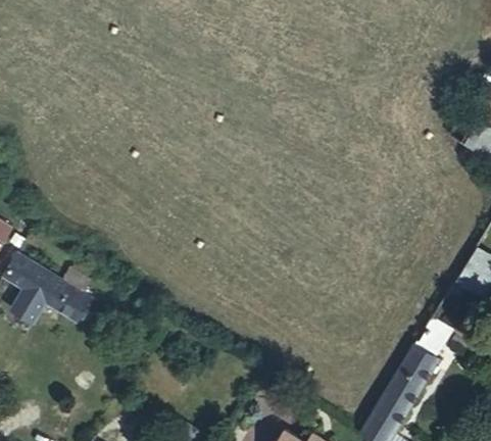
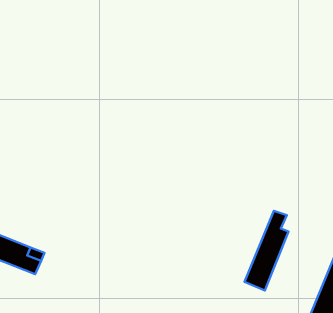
building: none -> [244,211,289,290]

